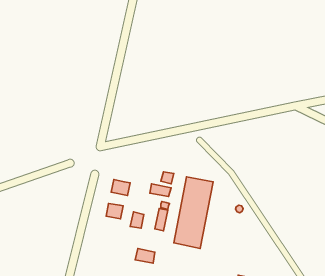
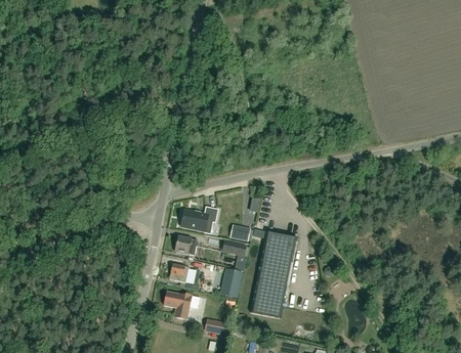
building: none -> [180,207,218,230]
building: none -> [164,292,198,319]

